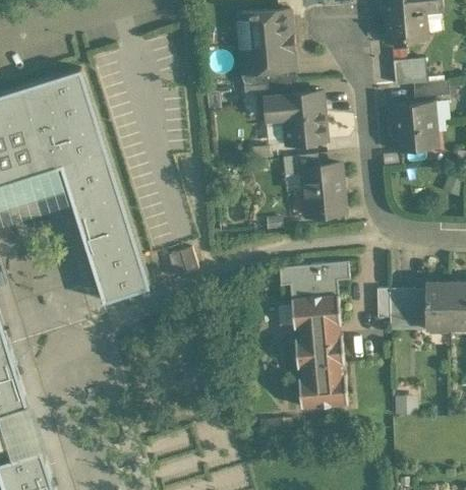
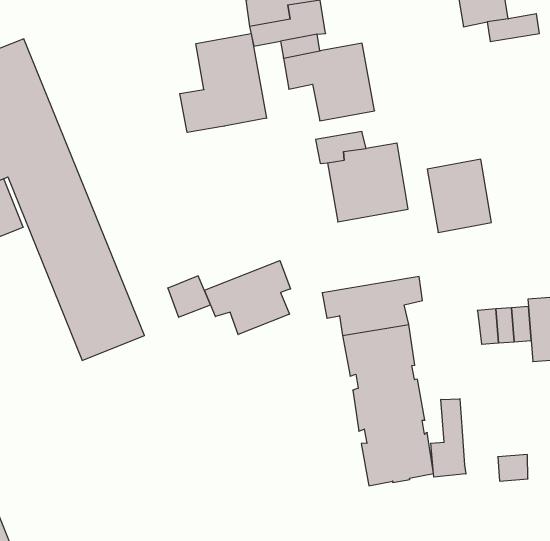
building: none -> [180,33,267,132]
building: [392,104,434,154] -> [427,159,491,232]
building: none -> [204,261,291,335]
building: none -> [431,399,466,477]

